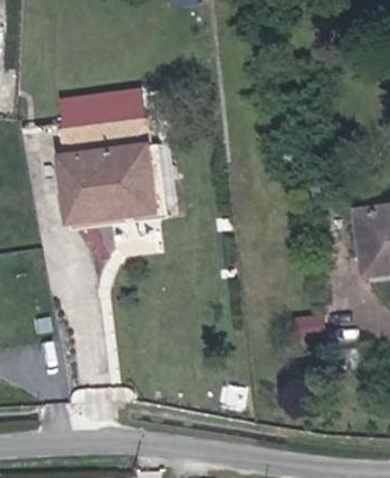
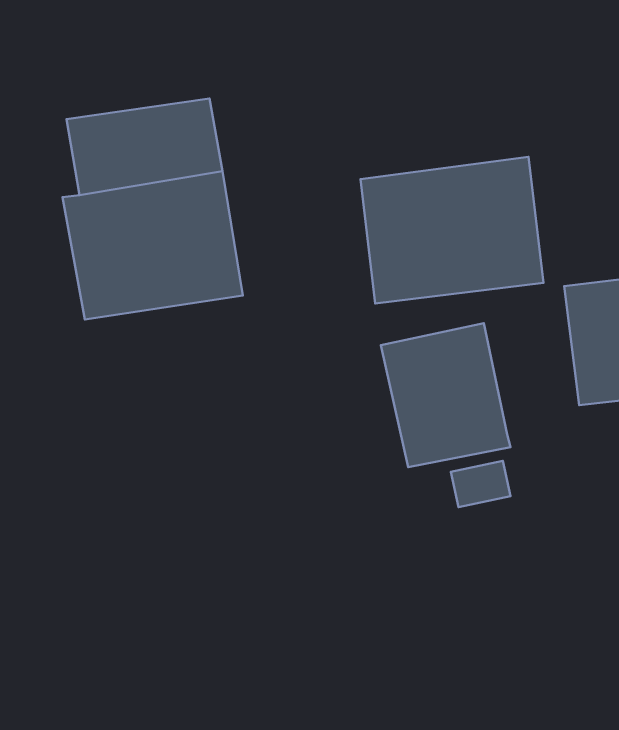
building: none -> [361,157,544,303]
building: none -> [381,323,510,467]

